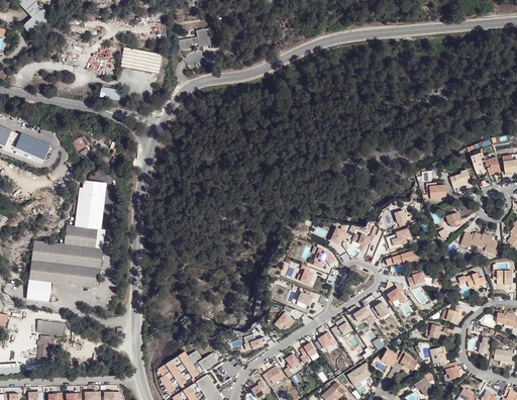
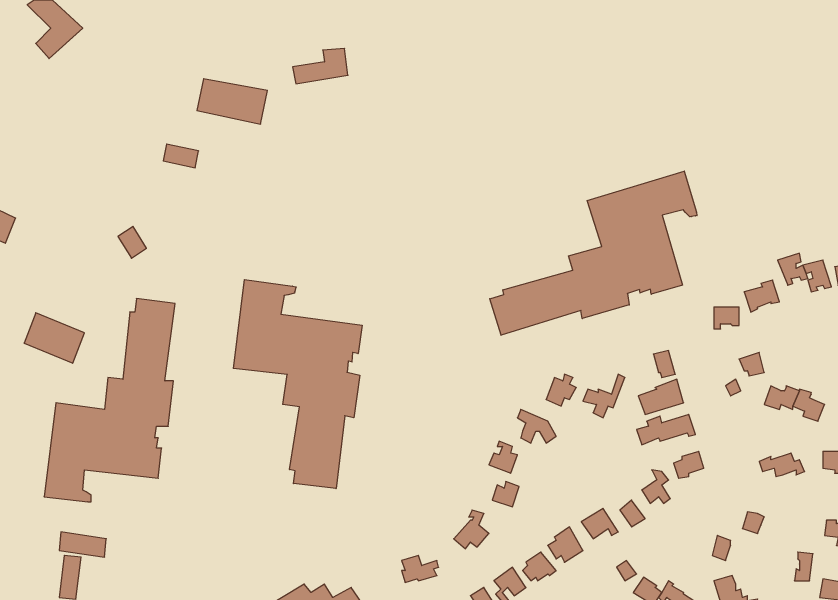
building: none -> [490,171,697,335]
building: [14,134,50,165] -> [24,313,84,363]
building: none -> [233,280,362,489]

